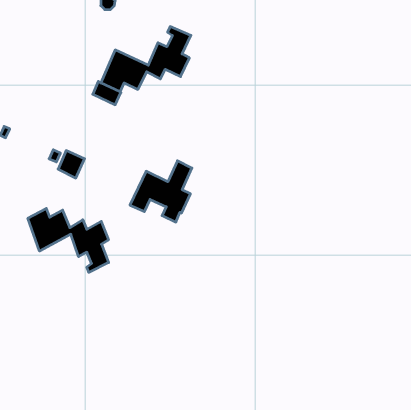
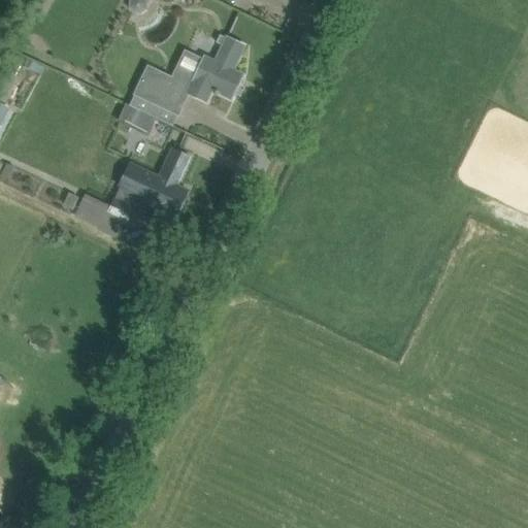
building: [130,161,192,222] -> [110,147,190,226]
building: [28,208,109,272] -> none

